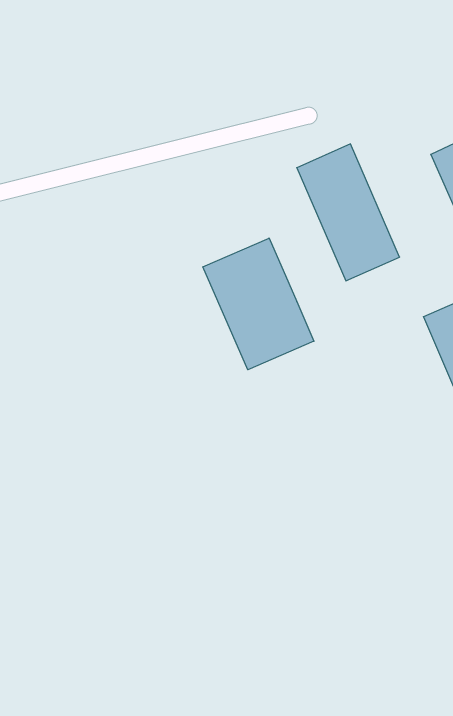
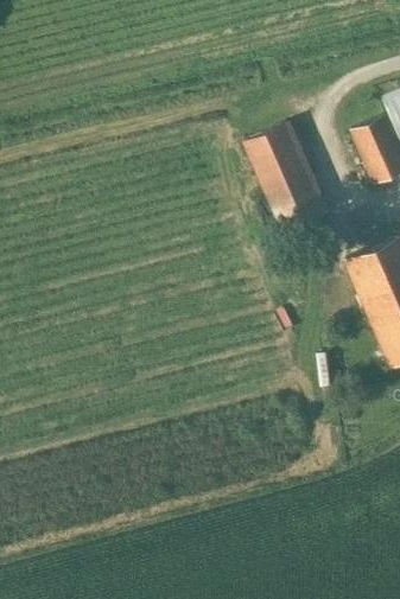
building: [203,238,314,370] -> none

